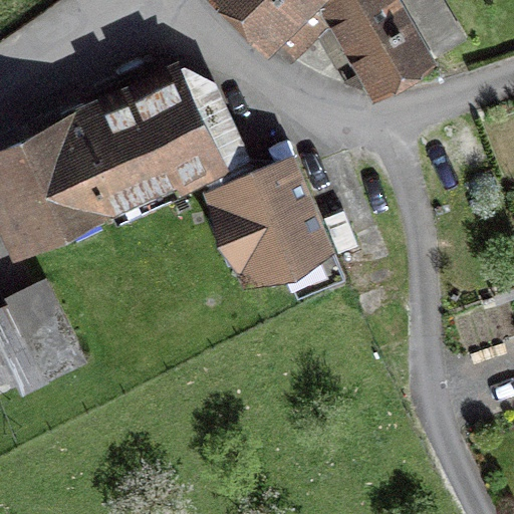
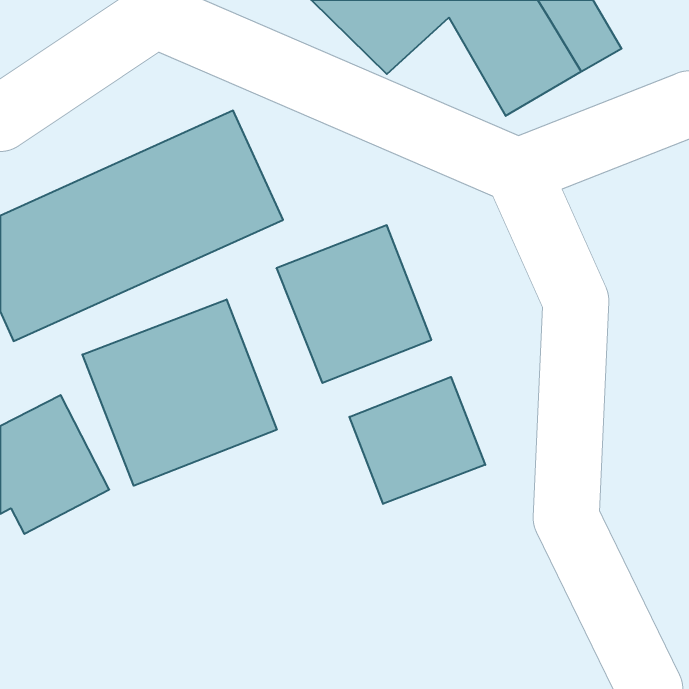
building: none -> [82,299,277,486]
building: none -> [349,377,485,504]

